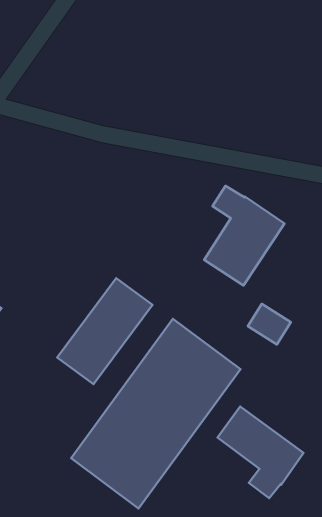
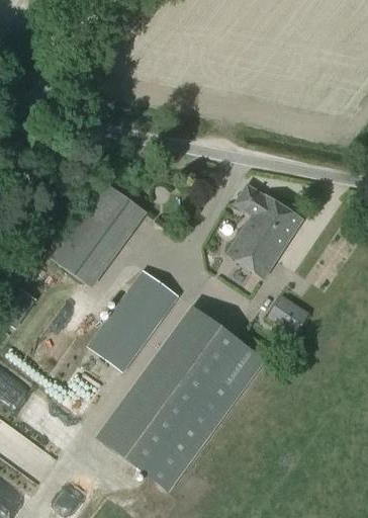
building: none -> [52,183,142,283]
building: [217,407,304,498] -> none

